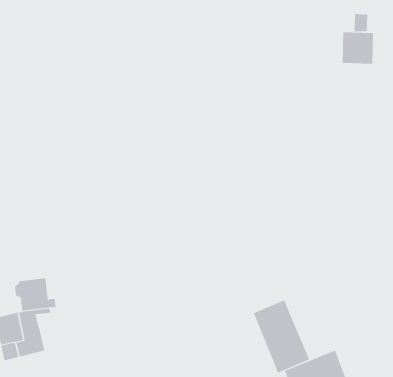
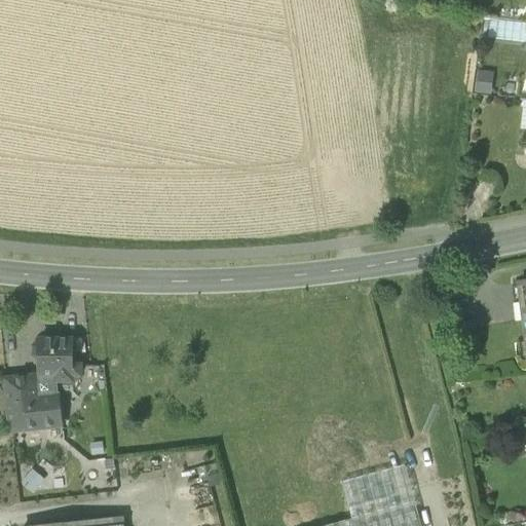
building: [342,31,374,65] -> none
building: [253,299,310,373] -> none

